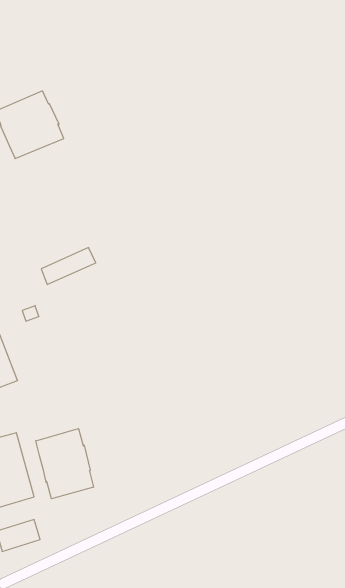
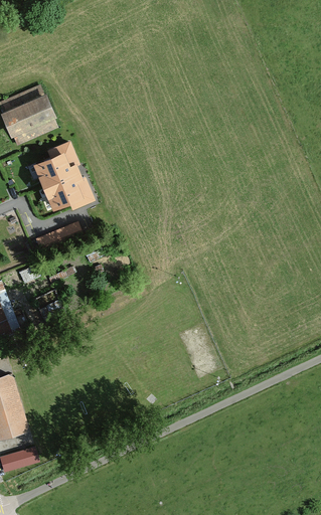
building: none -> [33,141,94,209]
building: [36,429,94,499] -> none

